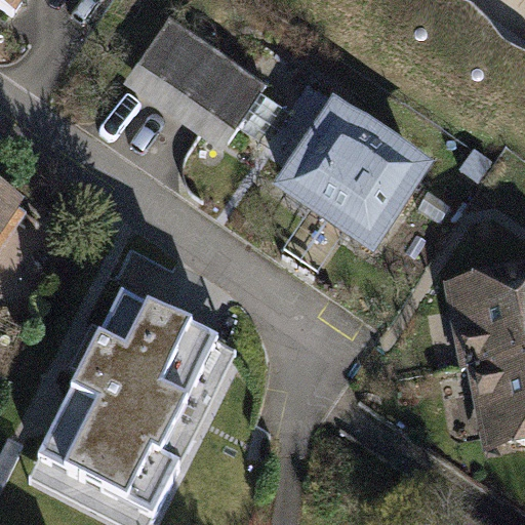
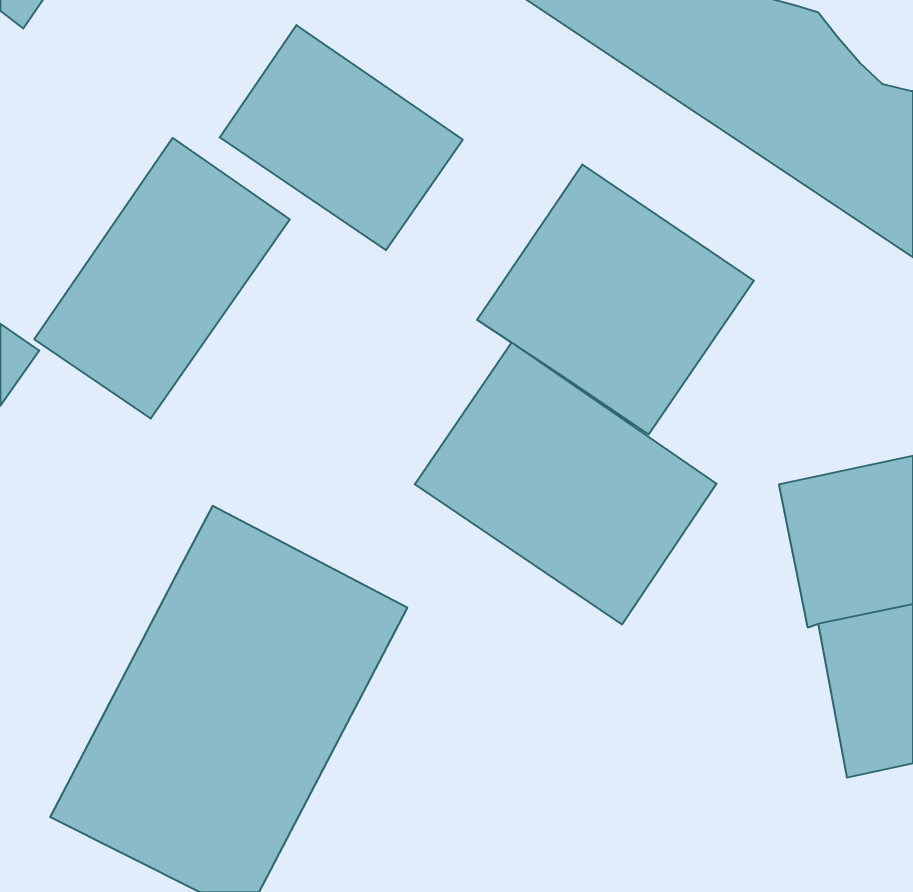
building: none -> [34,138,290,419]
building: none -> [415,343,717,625]

